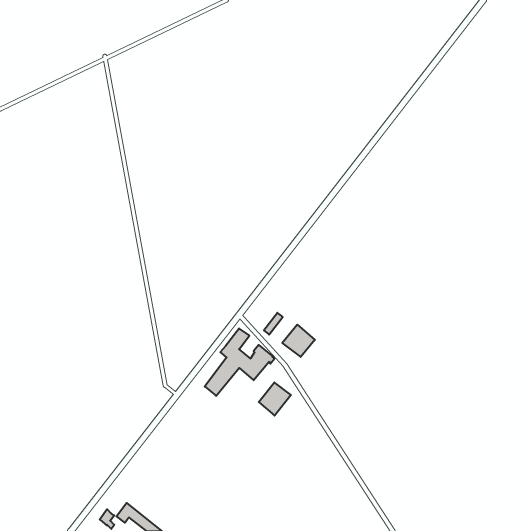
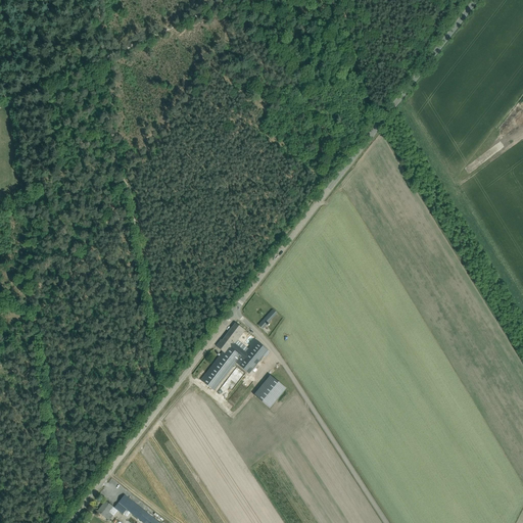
building: [282,325,315,357] -> none

